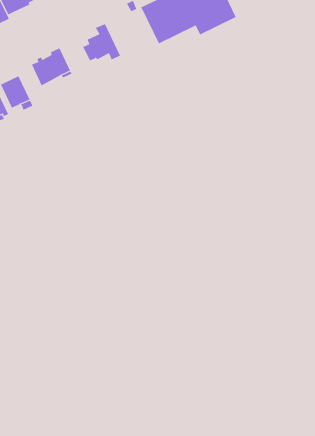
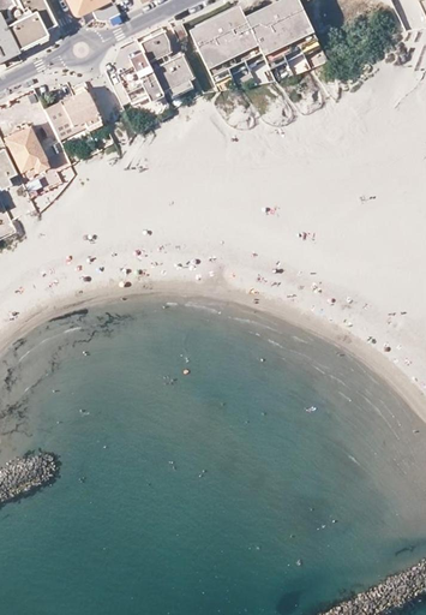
building: none -> [143,35,193,97]

